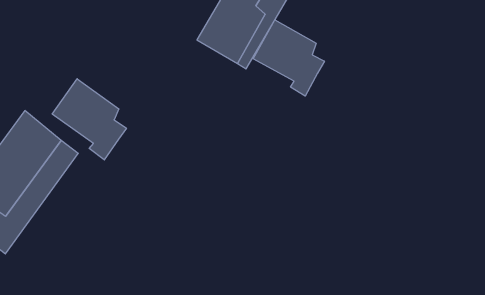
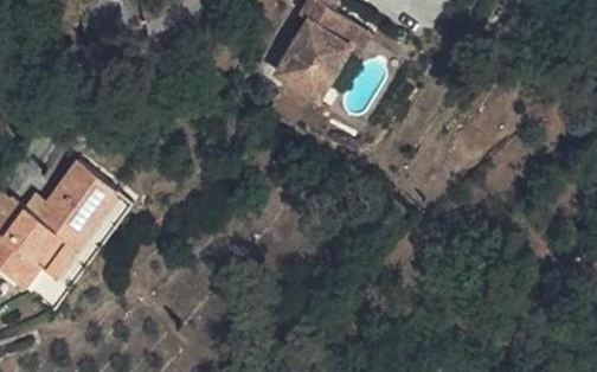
building: [253,20,324,96] -> none
building: [52,79,126,160] -> none

